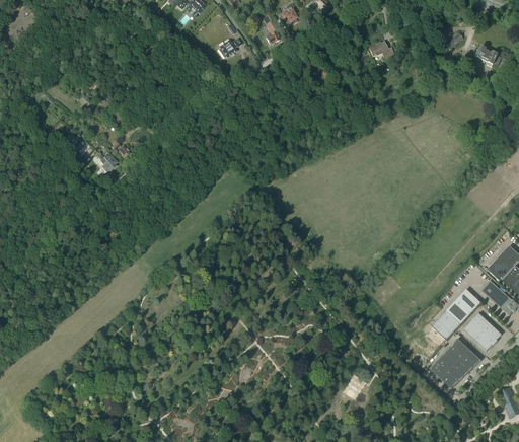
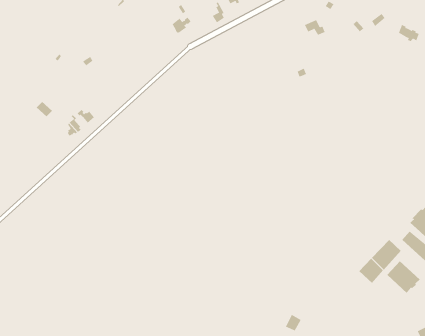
building: [431,339,480,388] -> none

